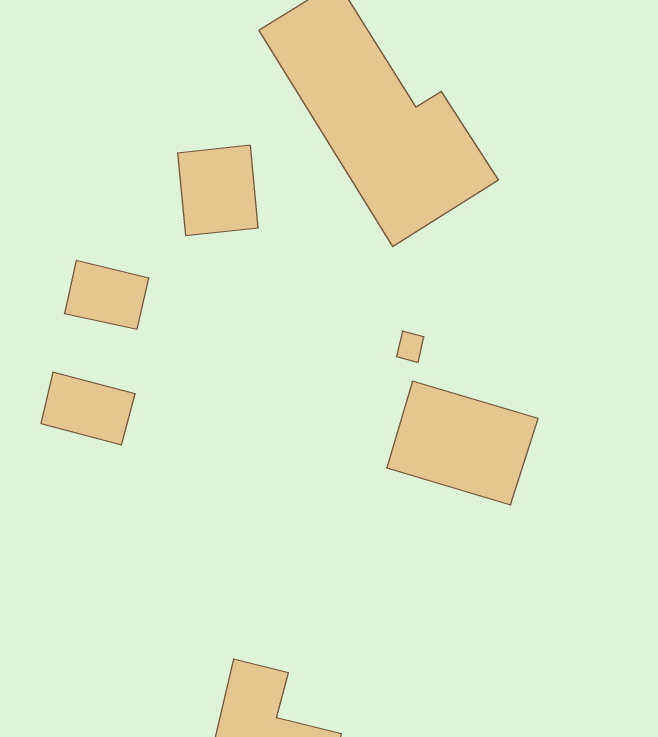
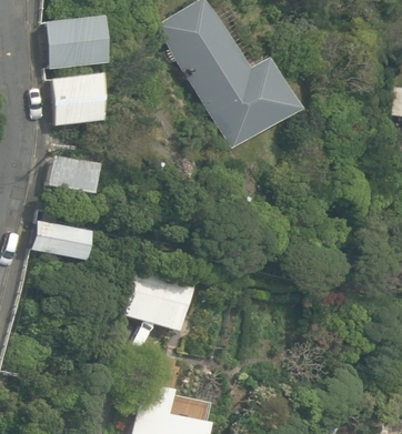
building: none -> [47,18,98,69]
building: [178,145,258,236] -> [53,74,99,125]
building: [387,381,538,505] -> [112,261,198,331]

